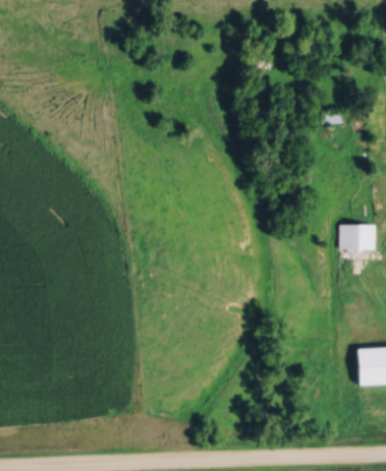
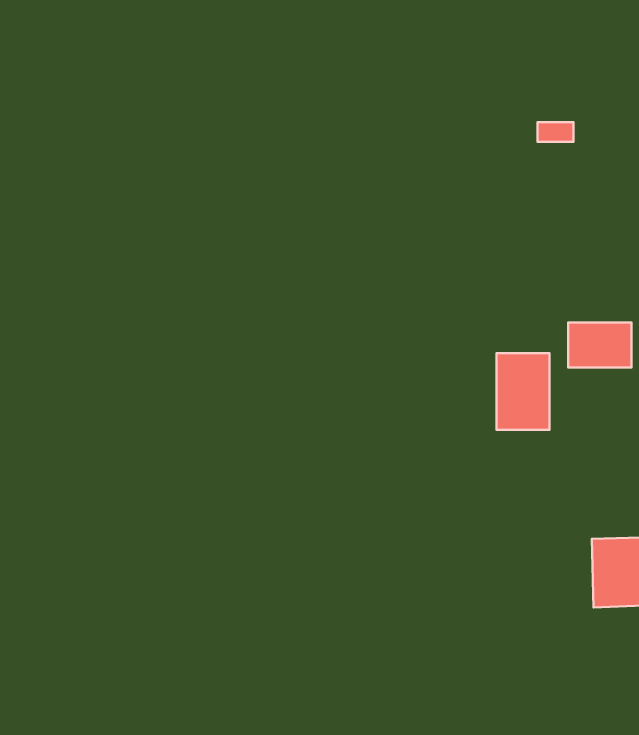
building: none -> [496,353,550,430]

